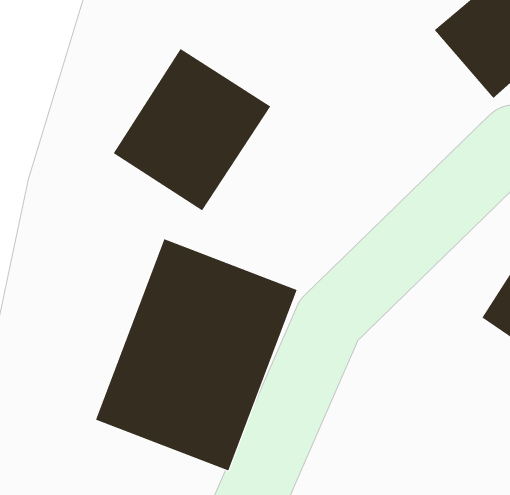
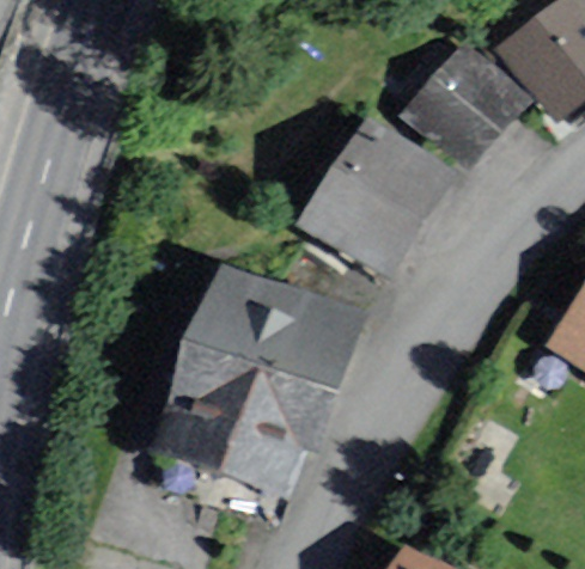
building: none -> [401,38,529,166]
building: [113,48,271,211] -> [295,114,458,281]

